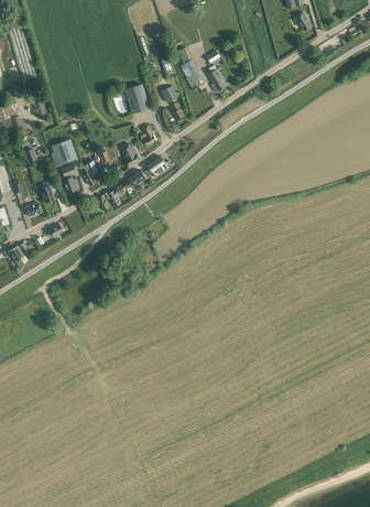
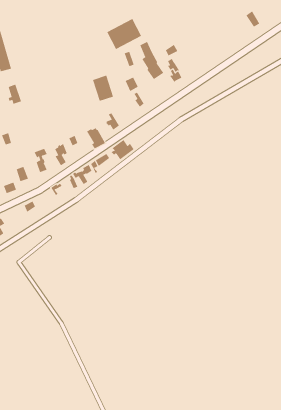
building: none -> [107,18,142,50]
building: [51,139,77,166] -> none

